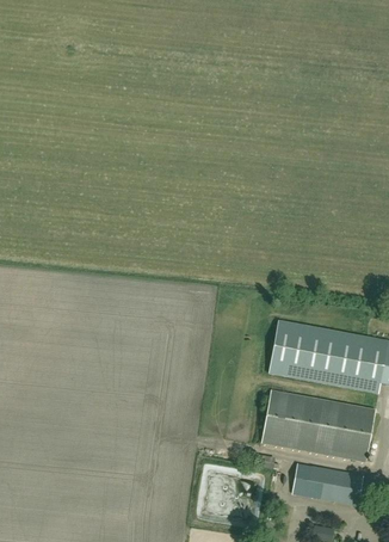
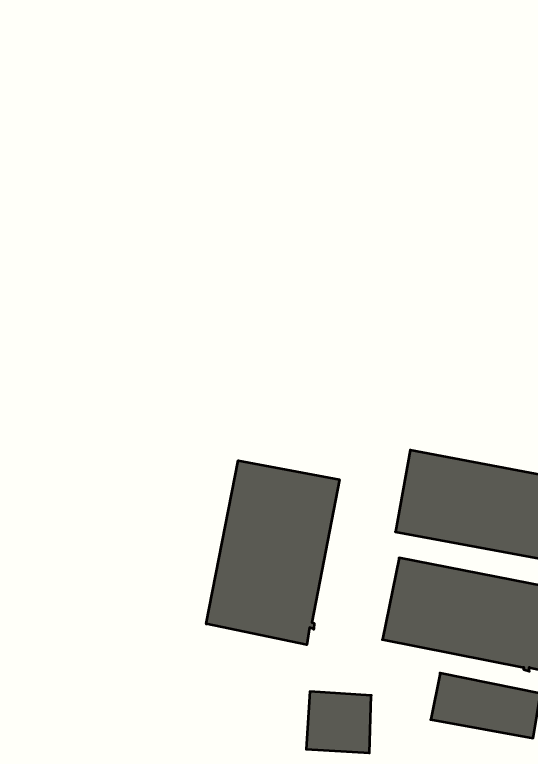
building: none -> [206,461,339,645]

